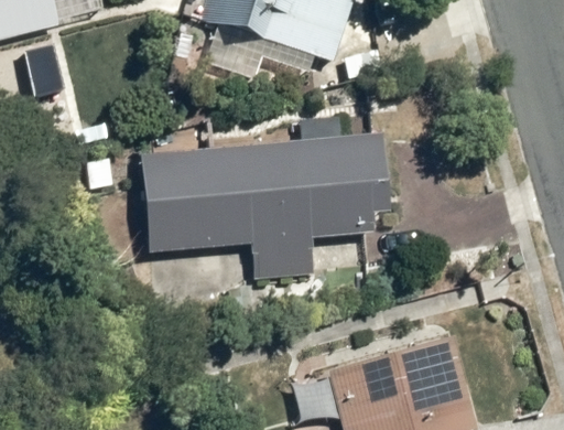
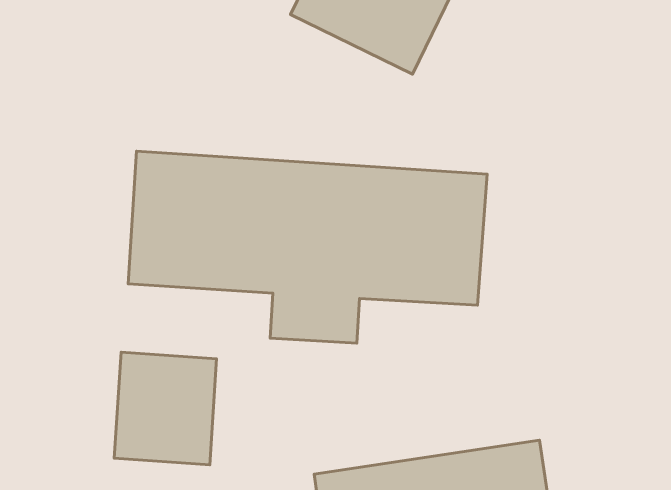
building: none -> [114,352,217,465]

